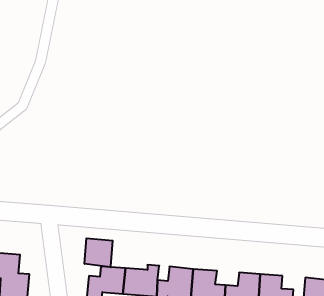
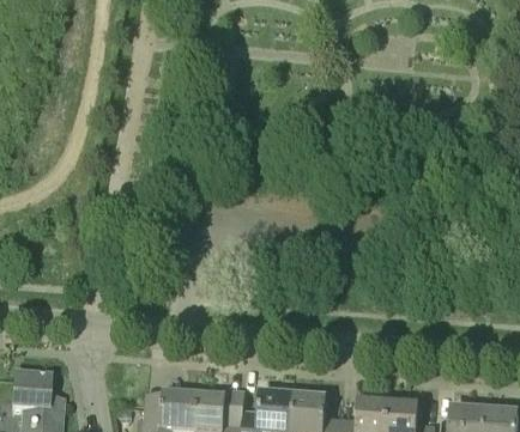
building: [85,238,113,267] -> none

